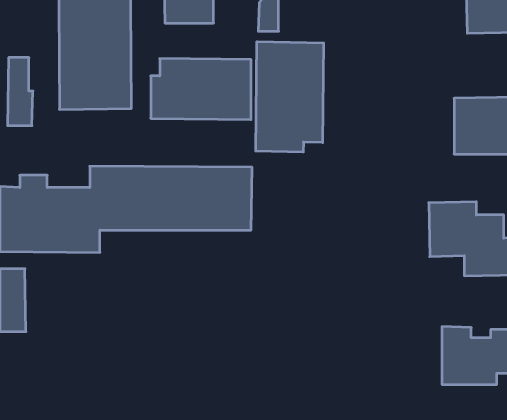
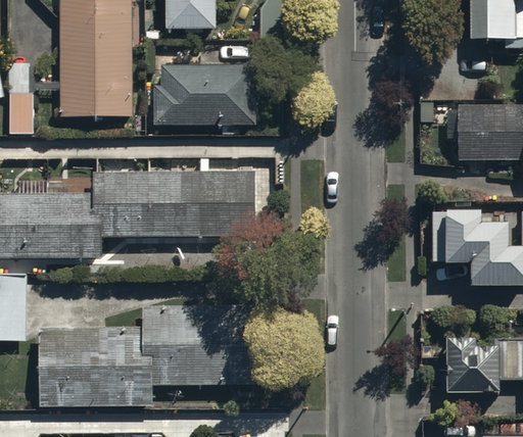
building: [256,42,324,152] -> none
building: none -> [40,306,252,409]

